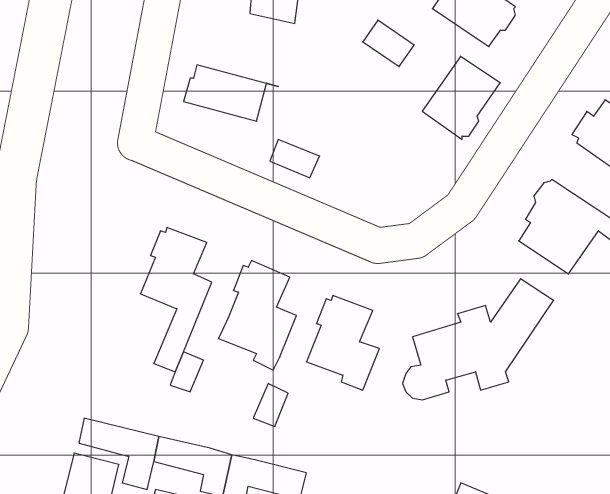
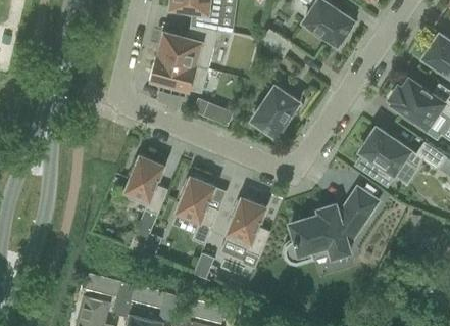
building: none -> [158,25,218,69]
building: [422,56,500,139] -> [252,86,300,137]

